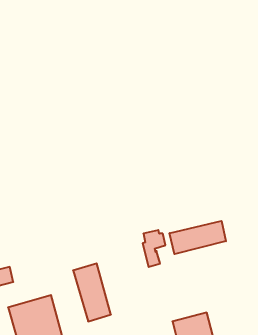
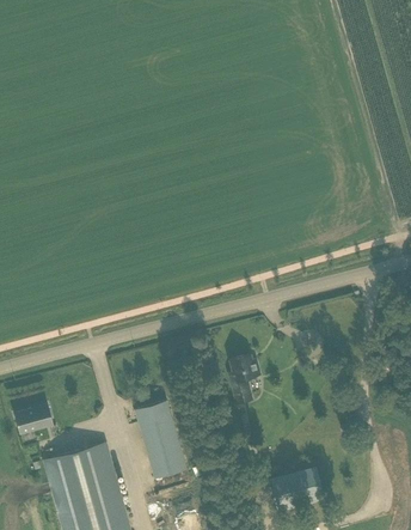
building: [170,221,226,254] -> none

